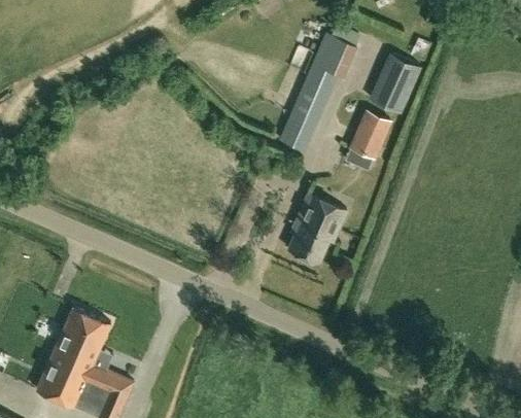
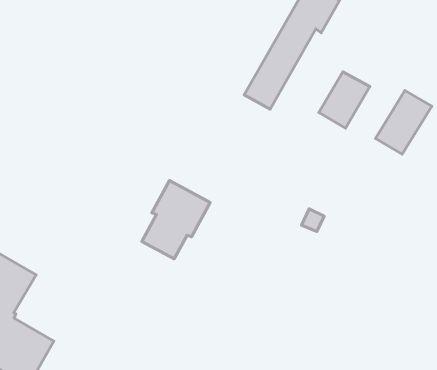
building: [380,54,427,111] -> [375,90,432,154]
building: [287,195,345,265] -> [142,181,210,259]

